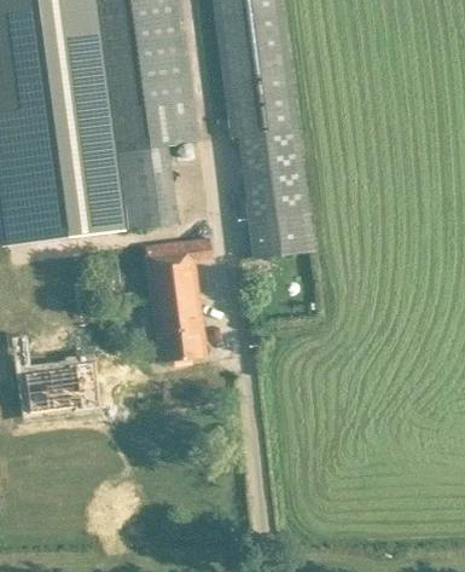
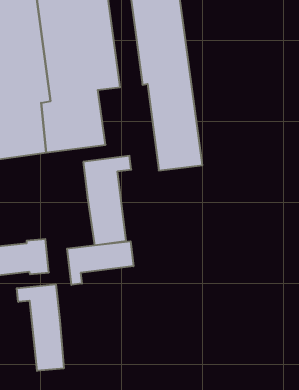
building: none -> [67,241,133,285]
building: none -> [17,284,64,371]

